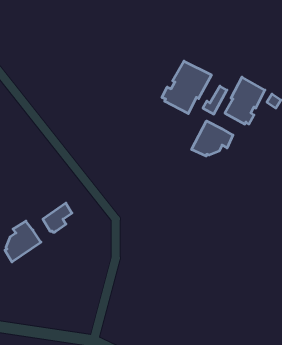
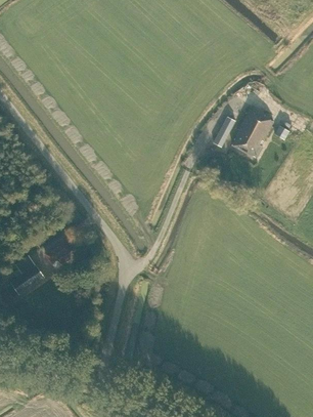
building: [162,61,211,114] -> none
building: [192,121,233,156] -> none

